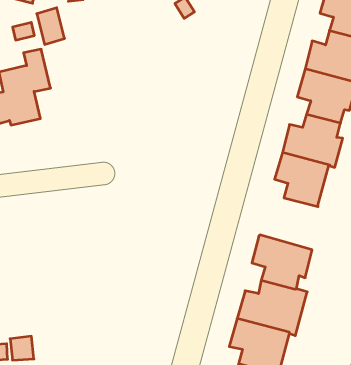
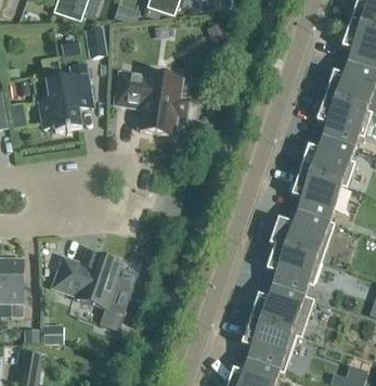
building: none -> [115,72,186,134]
building: none -> [269,210,334,259]
building: none -> [52,252,138,331]

